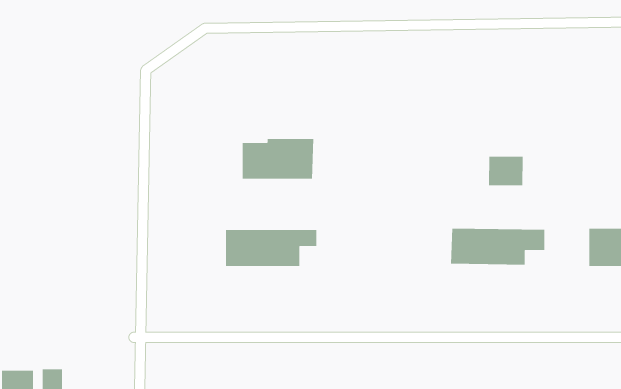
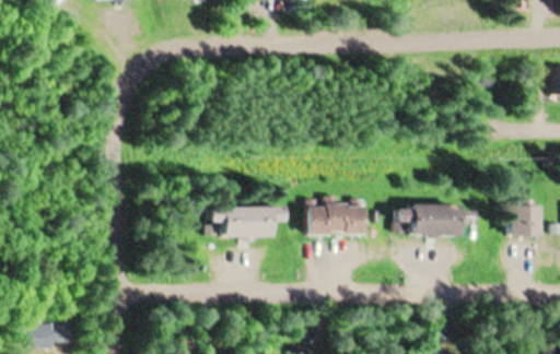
building: [242,138,314,179] -> [306,201,366,235]
building: [489,156,523,186] -> none

